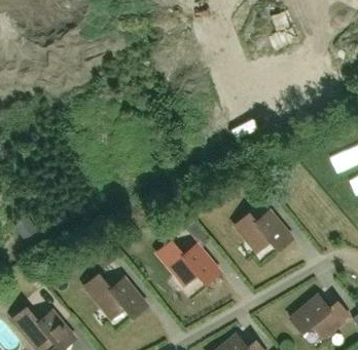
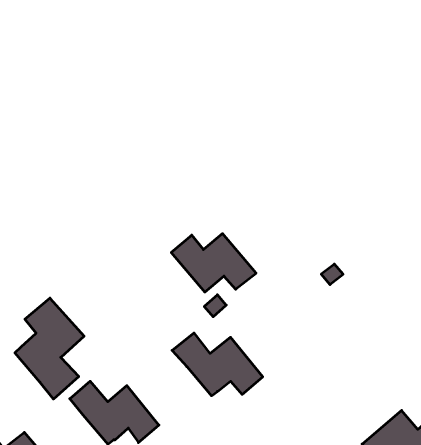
building: [234,210,293,251] -> [171,234,256,292]
building: none -> [15,298,84,399]

